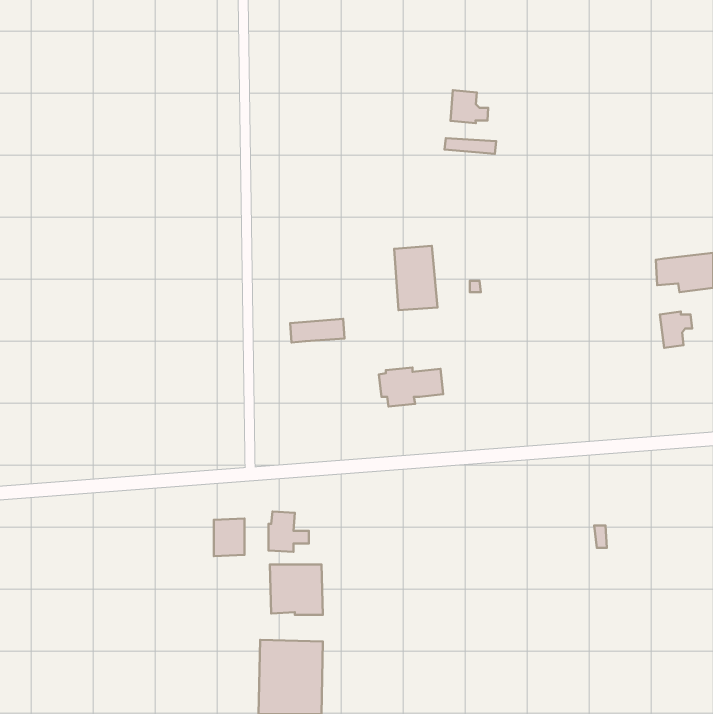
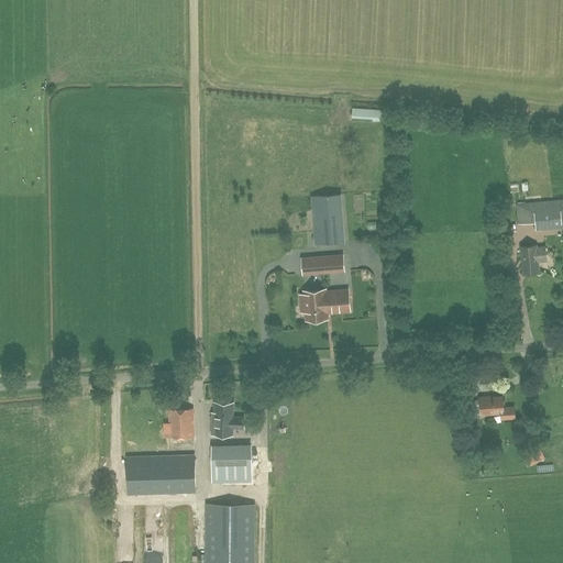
building: [450,90,488,123] -> none
building: [290,319,345,343] -> [300,255,343,274]
building: none -> [478,397,514,419]
building: none -> [125,455,195,495]

